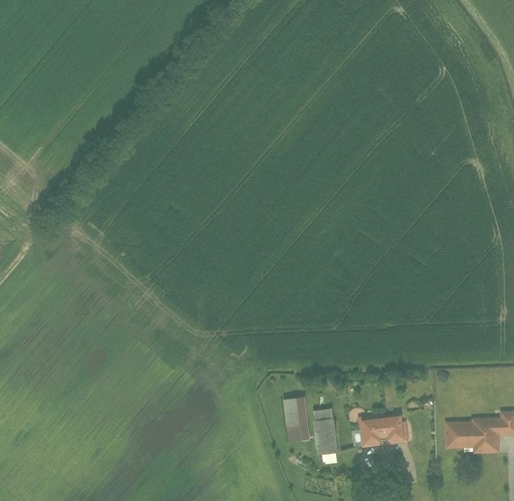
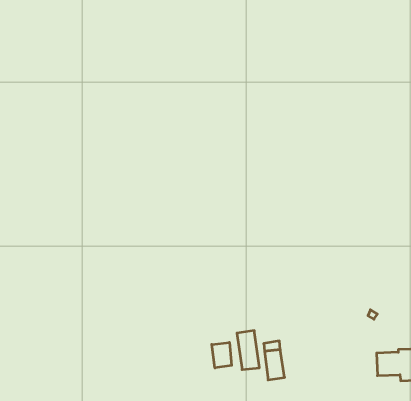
building: none -> [212,342,232,368]
building: [356,415,407,445] -> none

